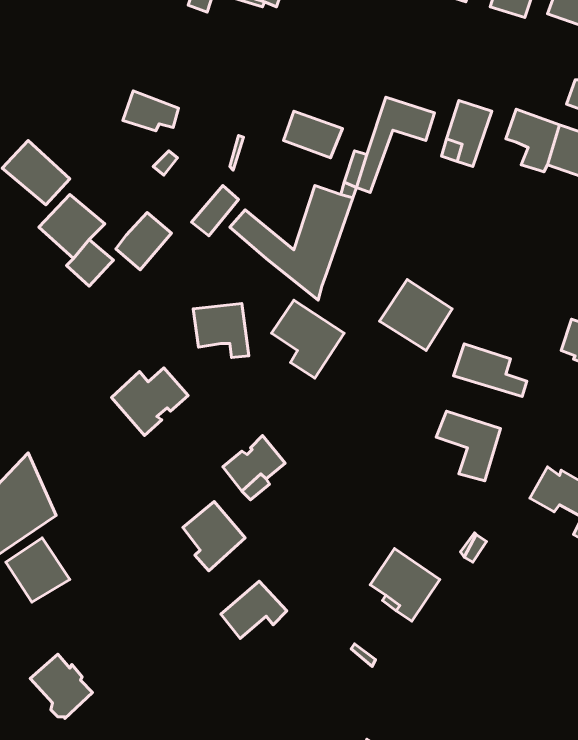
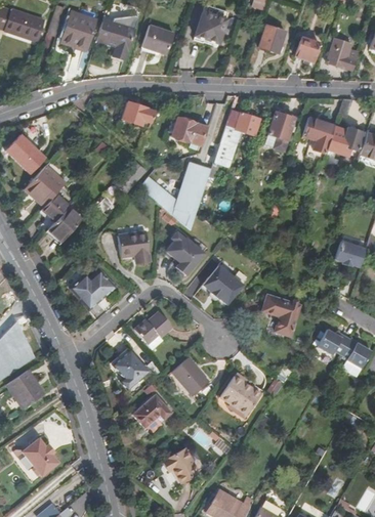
building: [123,91,178,131] -> [121,101,154,125]
building: [116,212,171,270] -> [49,208,82,242]
building: [379,279,452,351] -> [202,262,245,304]
building: [454,344,527,396] -> none
building: none -> [171,357,208,395]
building: none -> [160,447,198,483]

